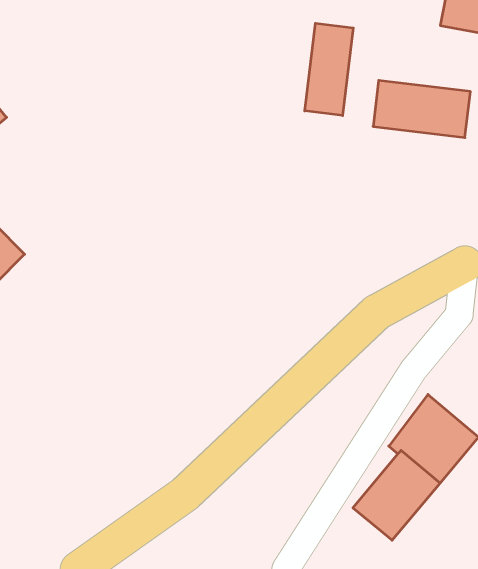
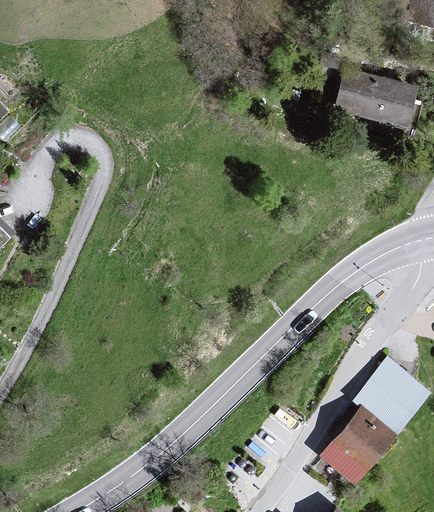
building: [305,23,353,116] -> none

